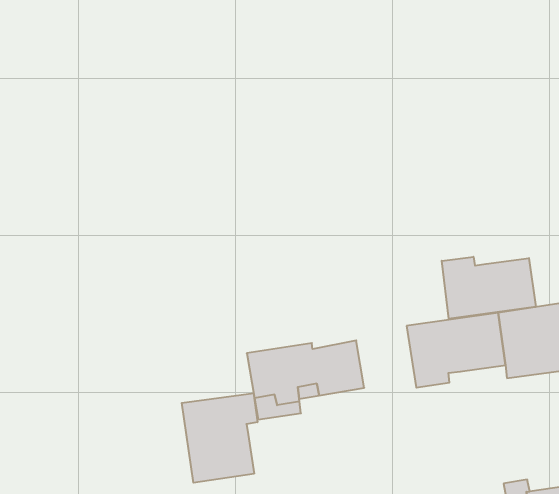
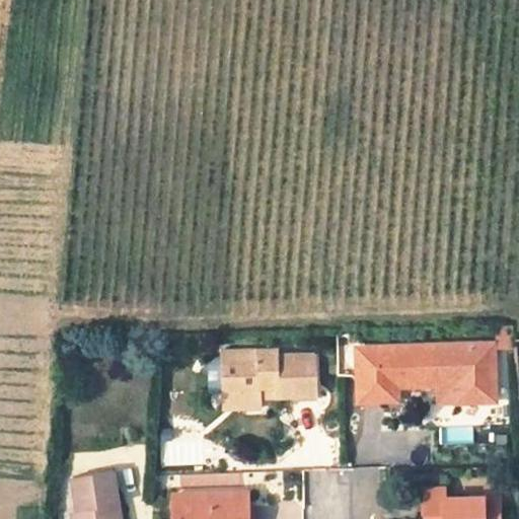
building: [442,257,536,319] -> none
building: [182,393,257,483] -> none

